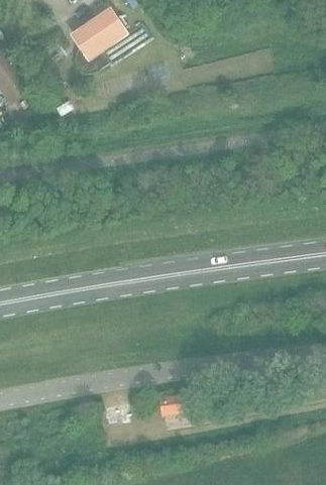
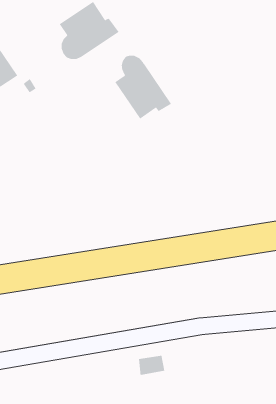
building: none -> [115,55,172,120]

